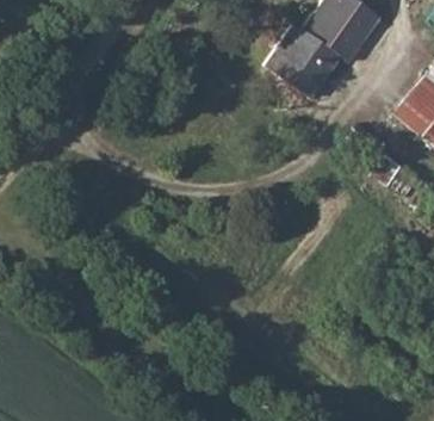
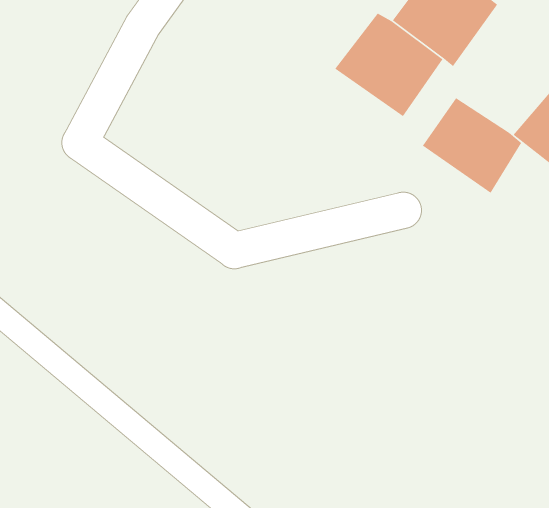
building: none -> [422,97,522,194]

